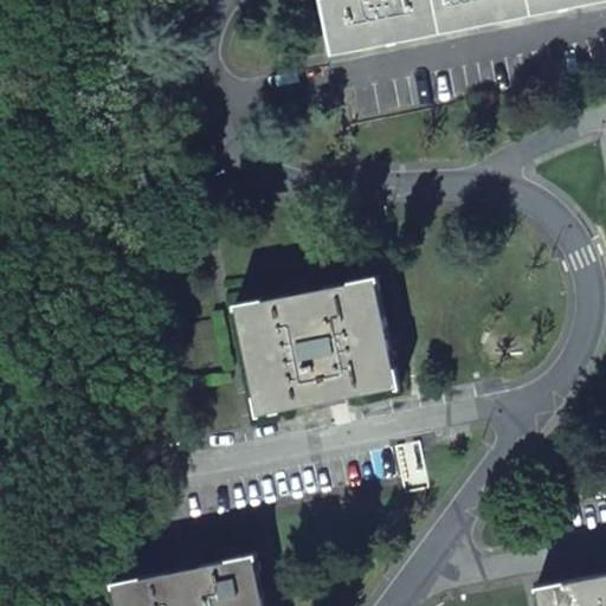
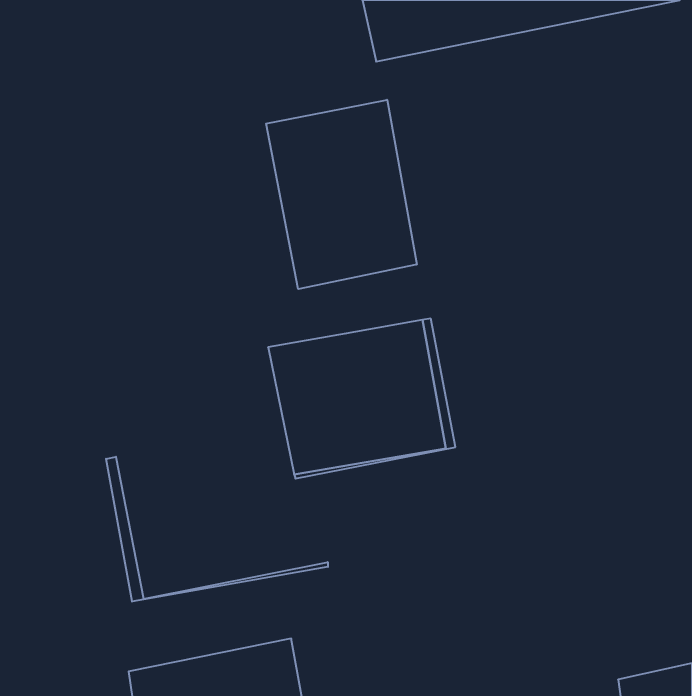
building: none -> [266,100,417,289]
building: none -> [106,457,328,602]

